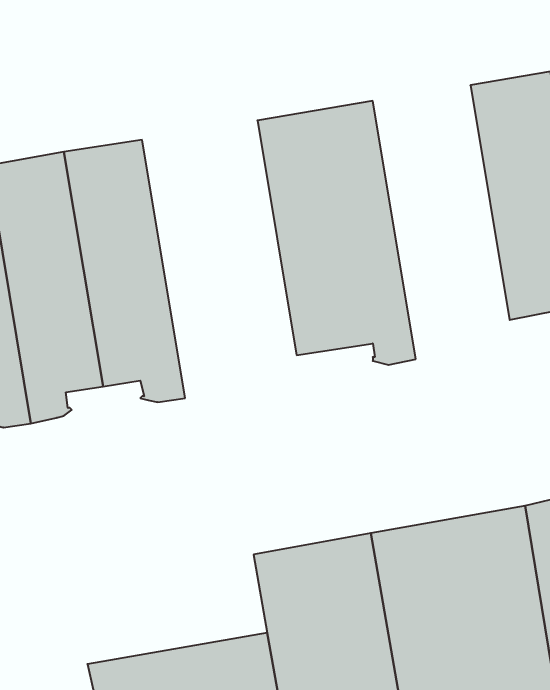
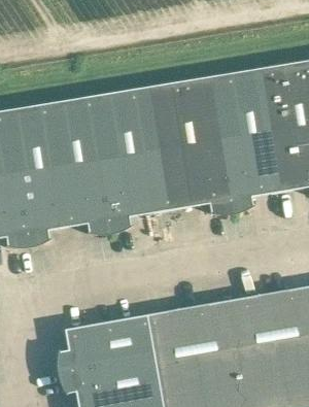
building: none -> [210,68,282,212]
building: none -> [89,87,170,233]
building: none -> [58,315,154,373]

